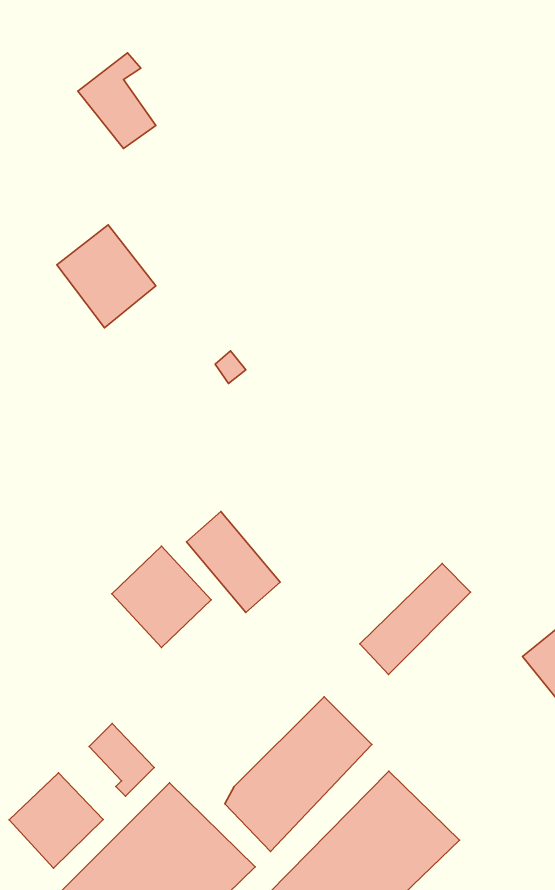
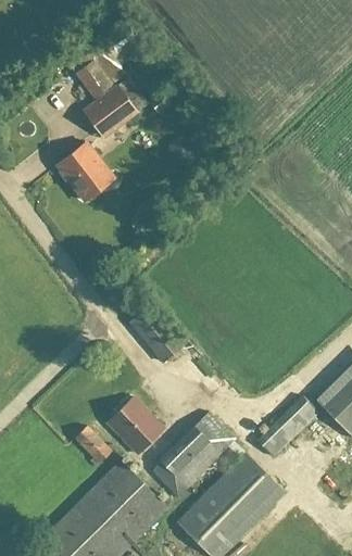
building: none -> [85,87,137,138]
building: [112,546,211,647] -> [105,401,162,458]
building: [360,564,471,674] -> [256,395,319,458]
building: [9,773,103,868] -> none

